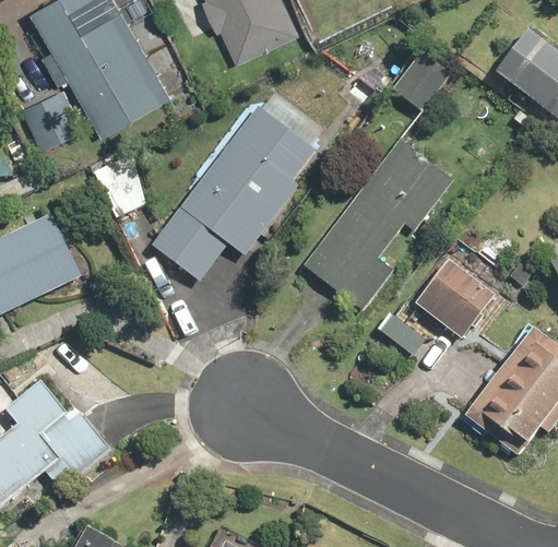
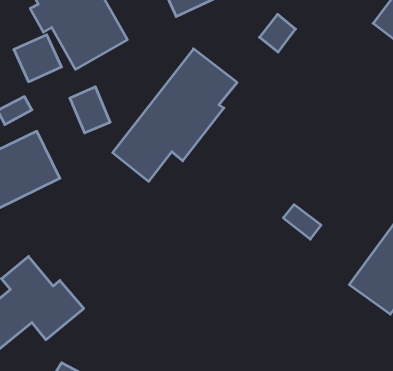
building: [391,52,448,110] -> none
building: [302,140,453,311] -> none
building: [414,258,497,340] -> none

